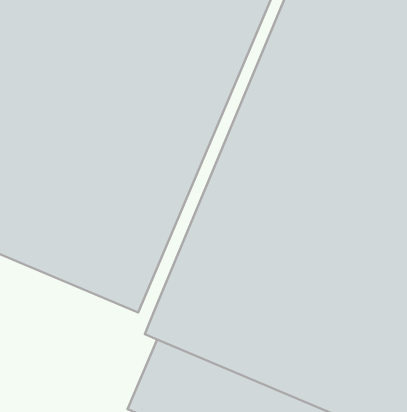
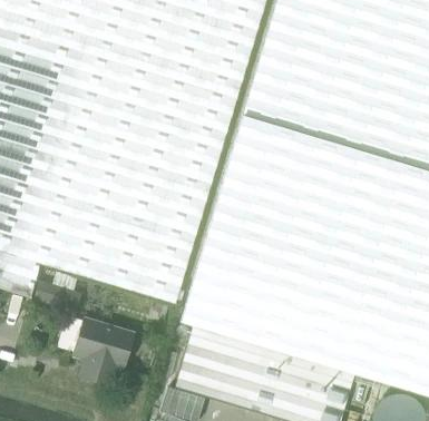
building: none -> [72,319,133,386]

